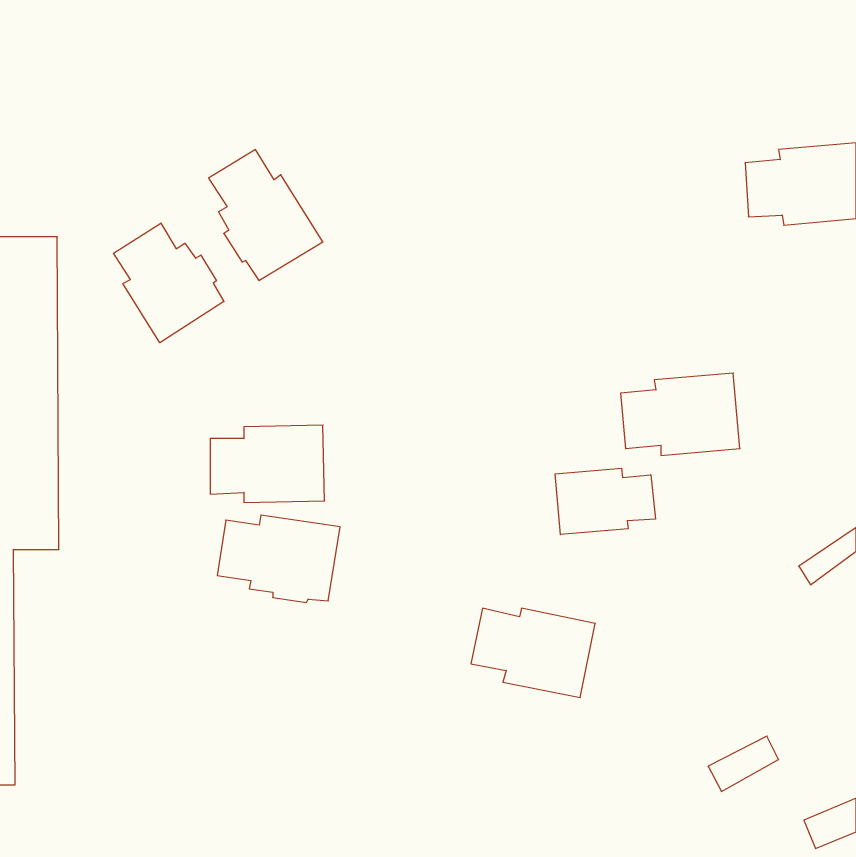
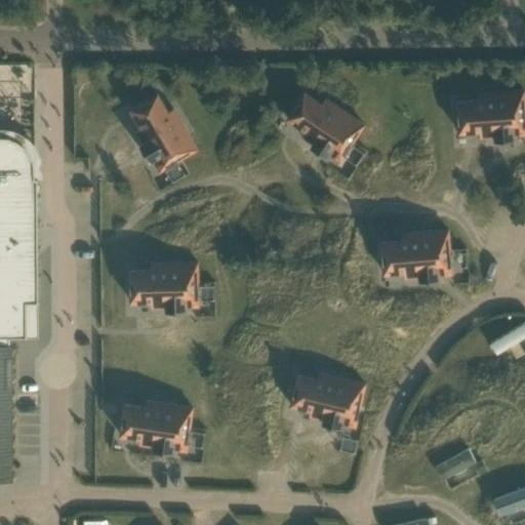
building: none -> [283,89,363,161]
building: [114,223,224,343] -> none
building: [555,468,655,535] -> none
building: [217,515,340,602] -> [117,398,192,451]

